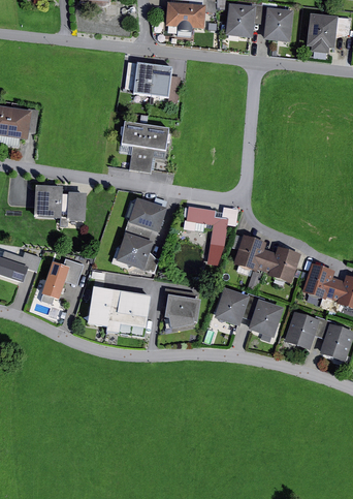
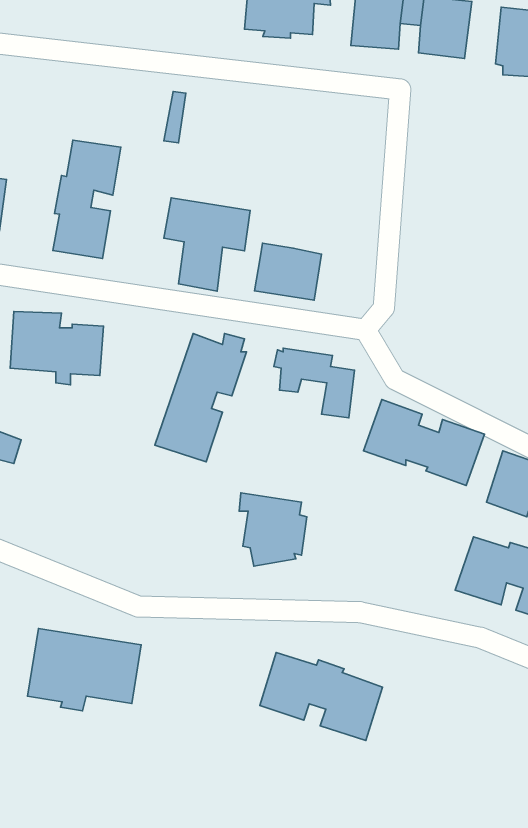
building: [132,63,172,98] -> none
building: none -> [53,140,121,259]
building: none -> [254,243,322,300]
building: [41,261,70,301] -> none
building: [88,286,152,333] -> [27,628,141,711]
building: [215,288,284,338] -> [260,652,382,740]

